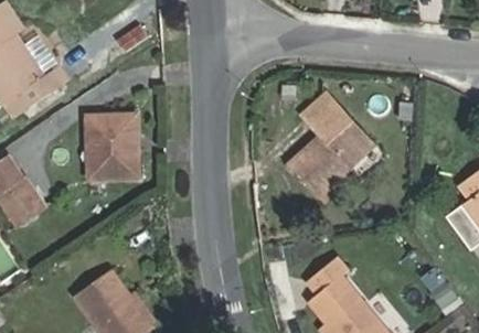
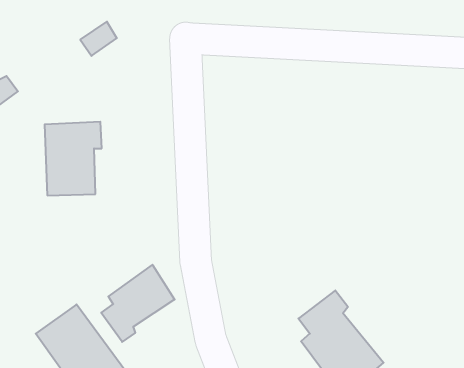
building: [287,93,368,200] -> none
building: none -> [101,265,175,342]

